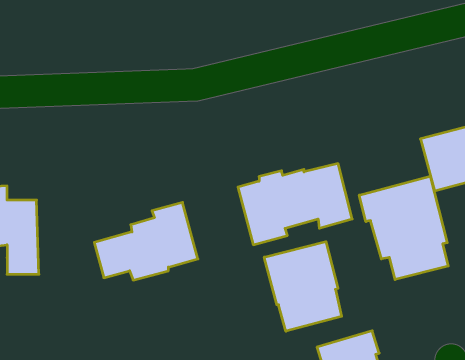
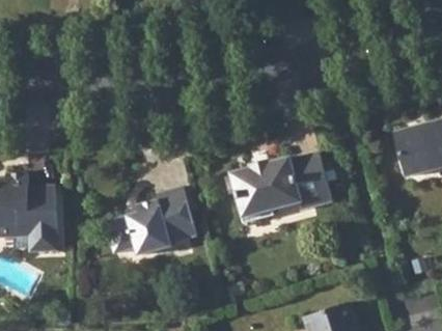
building: [359,176,448,280] -> none
building: [264,242,342,331] -> none

